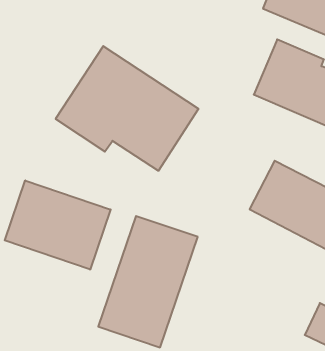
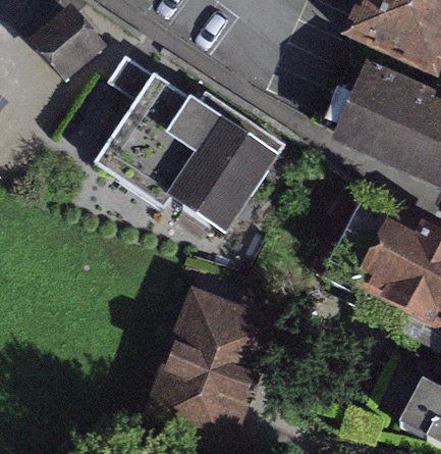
building: [5,180,111,270] -> none

